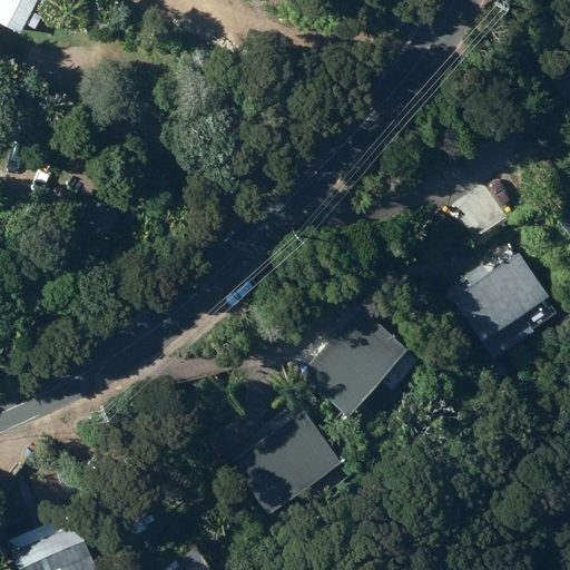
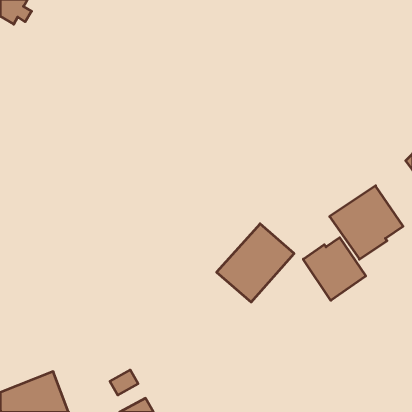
building: none -> [303,238,366,300]
building: [232,410,341,512] -> none

